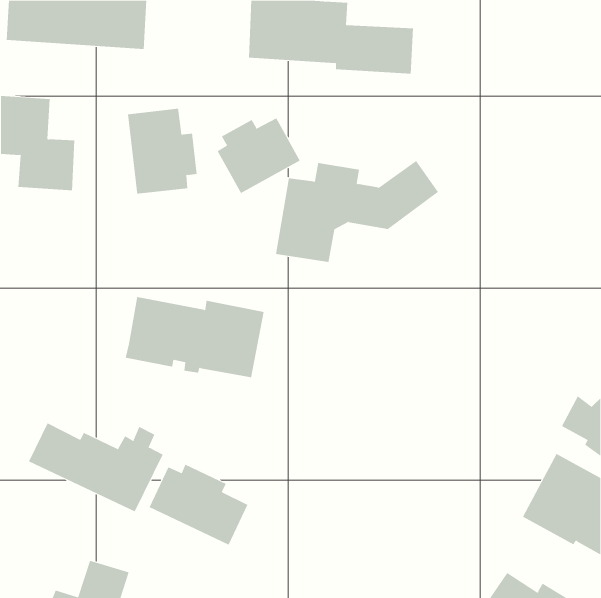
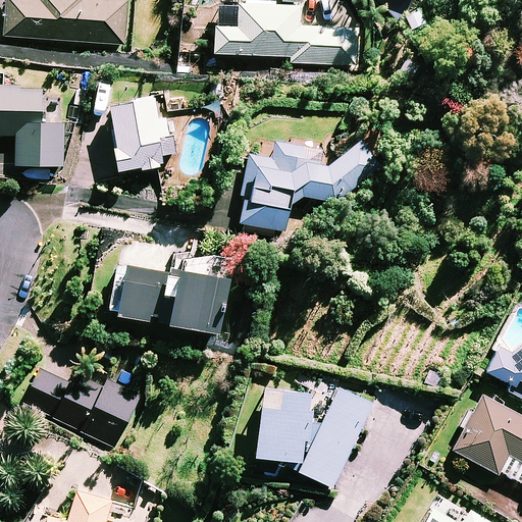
building: [217,118,301,194] -> none
building: none -> [256,384,372,486]
building: [149,464,248,546] -> none

